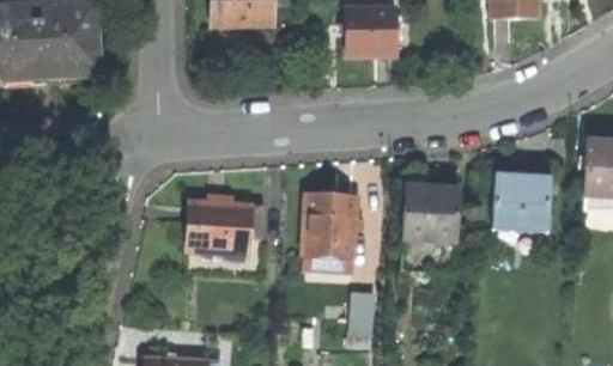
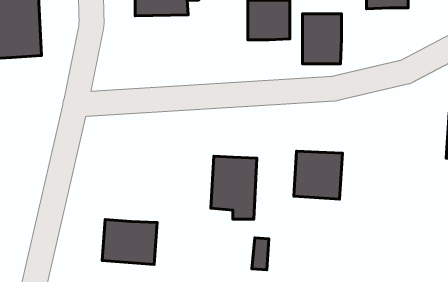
building: none -> [303,14,341,64]
building: [492,176,550,232] -> none
building: [186,202,251,256] -> [102,220,157,264]

